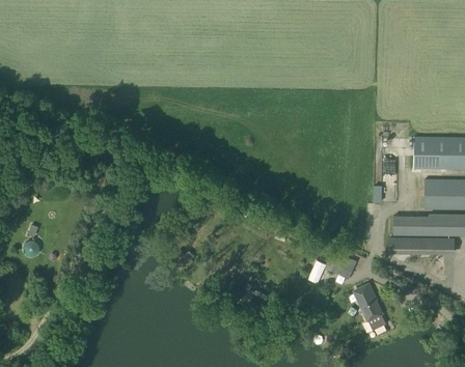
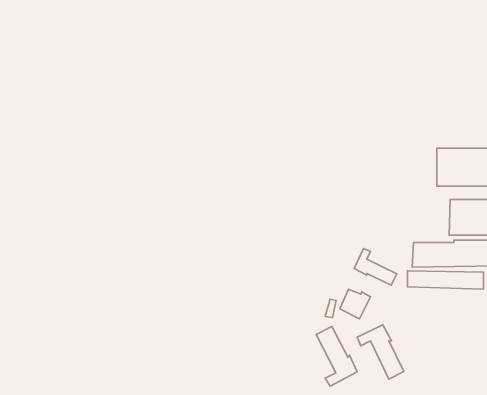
building: none -> [354,249,397,285]
building: none -> [316,326,357,386]

